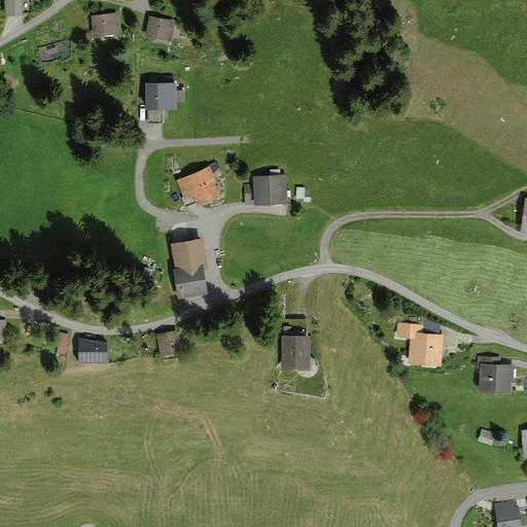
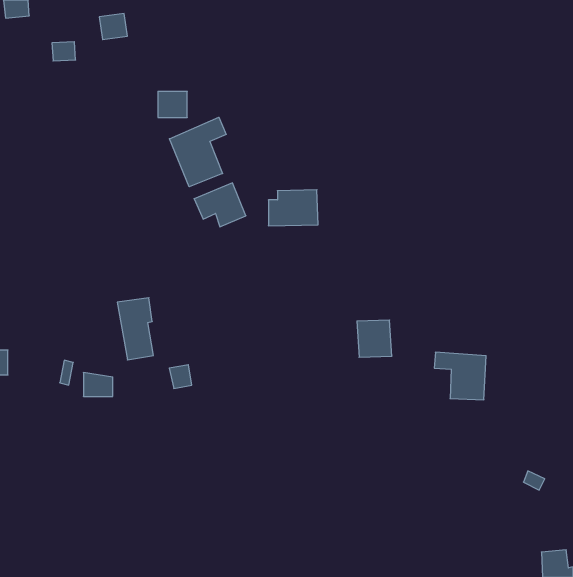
building: [146,15,174,39] -> none
building: none -> [169,117,226,187]
building: [169,240,202,296] -> [117,298,153,360]
building: [282,332,314,366] -> [357,320,392,357]
building: [481,362,514,392] -> none

